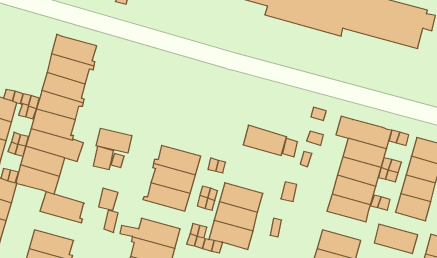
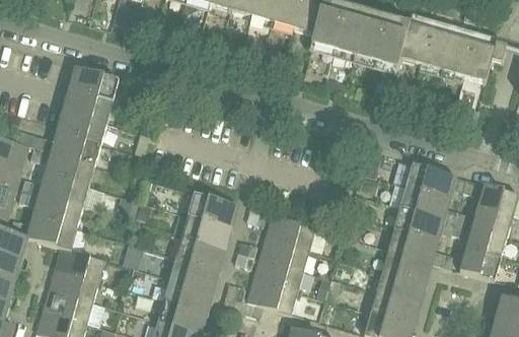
building: [243,125,287,155] -> [265,213,314,248]
building: [96,128,132,153] -> none
building: none -> [169,255,219,288]
building: none -> [48,268,101,301]
building: [374,224,418,254] -> [376,268,426,301]

